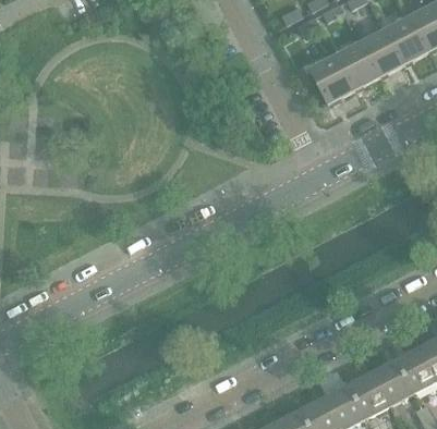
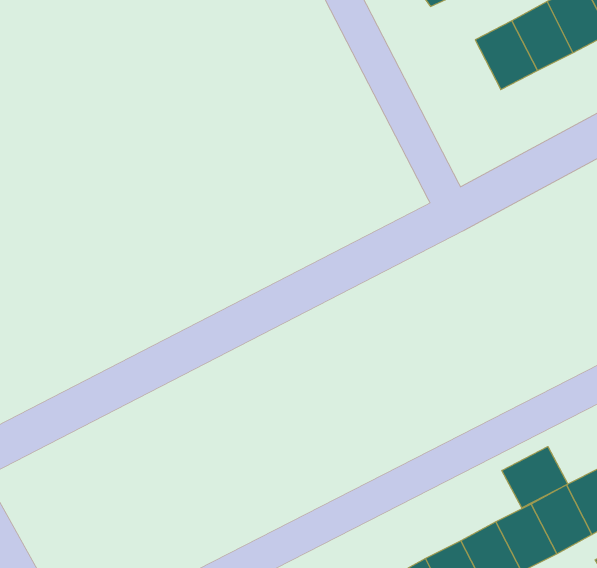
building: [308,57,350,103] -> none
building: none -> [502,447,568,508]

